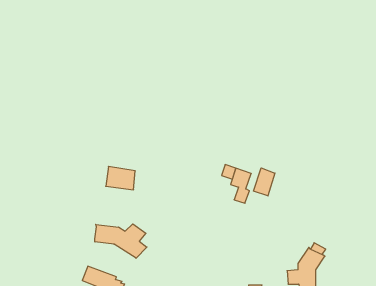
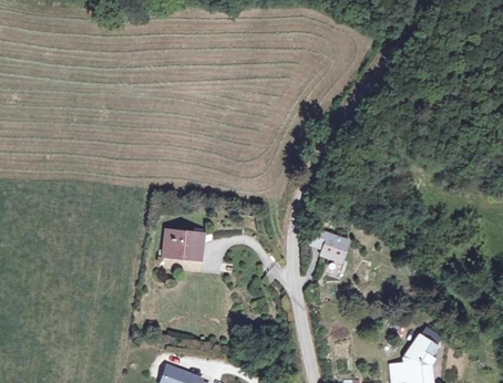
building: [253,168,275,196] -> none
building: [95,224,147,258] -> none

